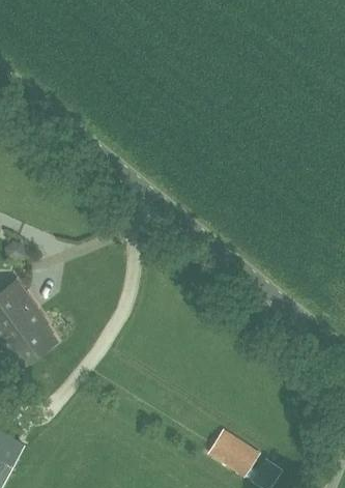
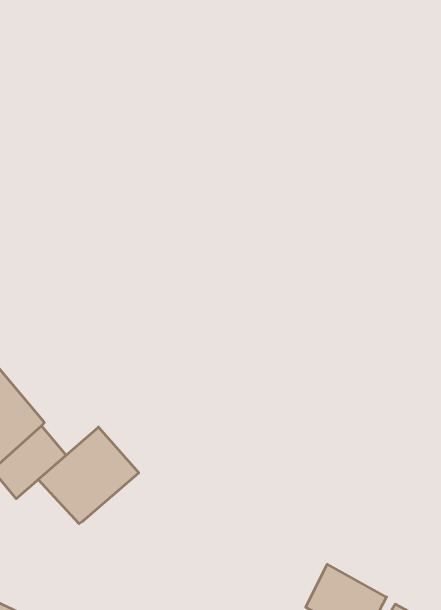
building: none -> [38,427,139,524]

